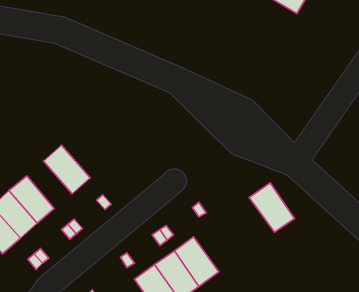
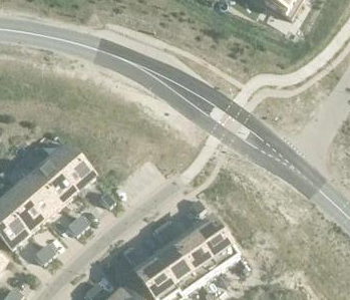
building: none -> [33,158,76,203]
building: [249,183,295,232] -> [192,216,235,263]

